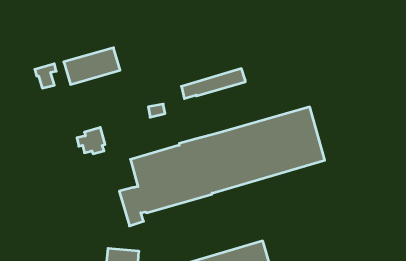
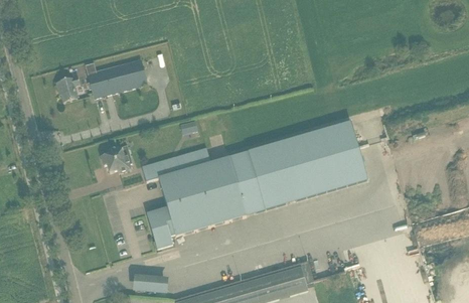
building: [181,69,245,99] -> [142,148,210,180]

